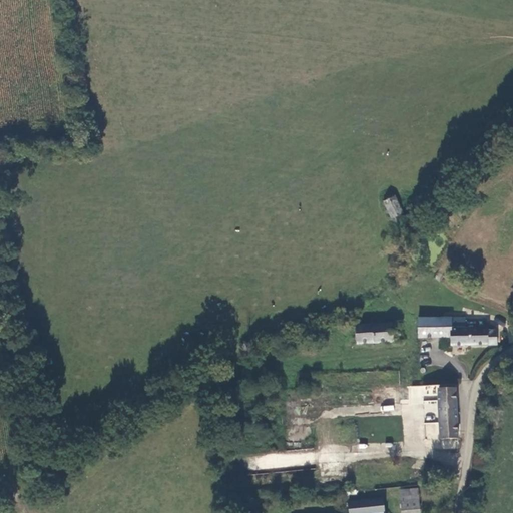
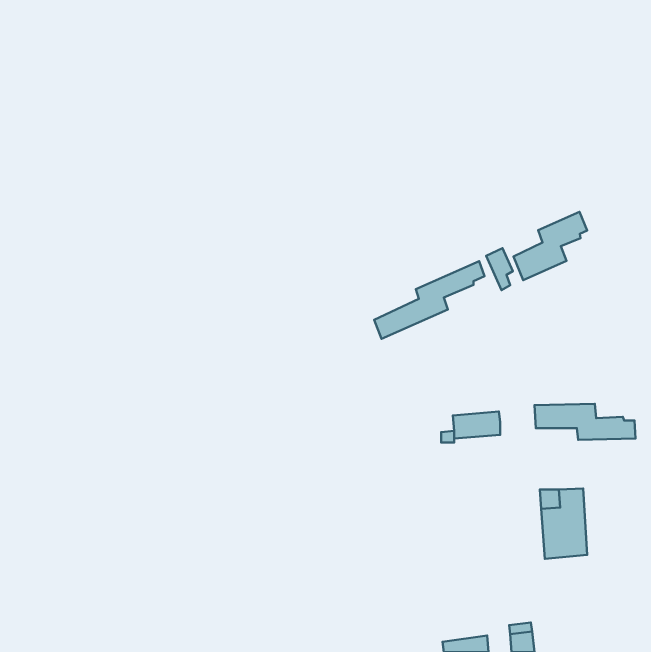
building: none -> [513,212,587,280]
building: none -> [374,261,485,339]

